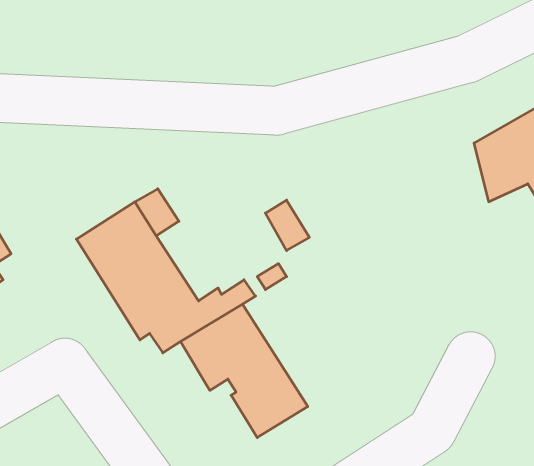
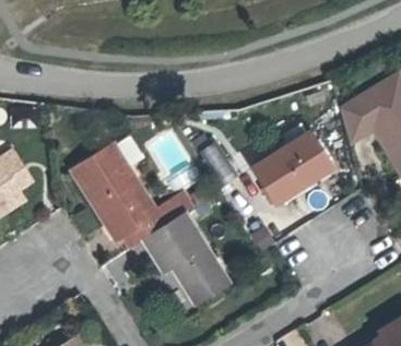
building: none -> [251,124,331,204]

